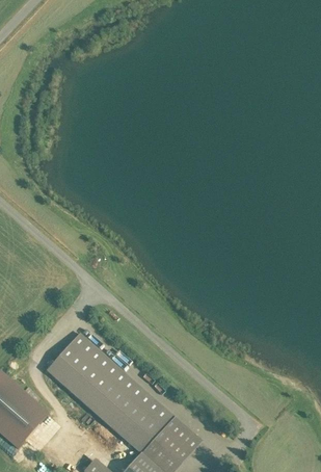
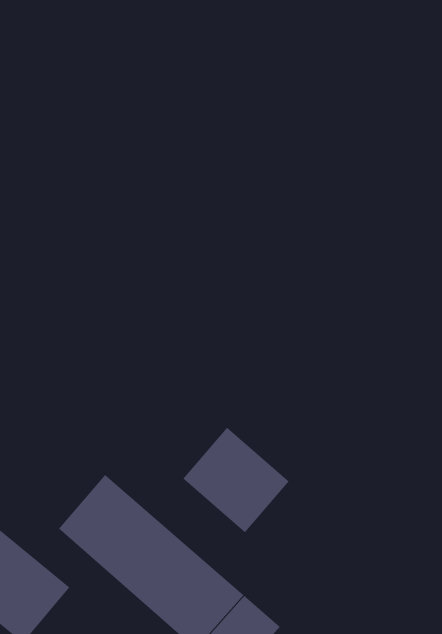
building: none -> [183,427,289,533]

